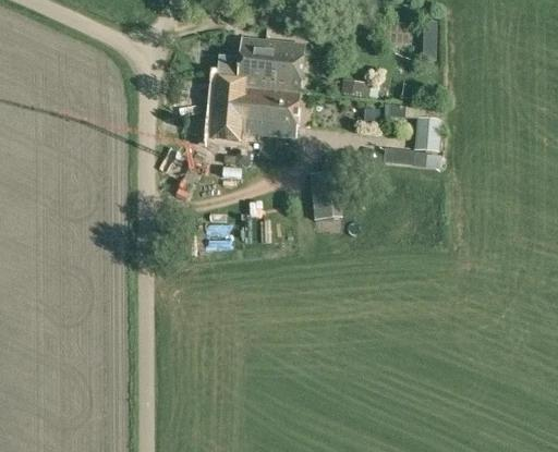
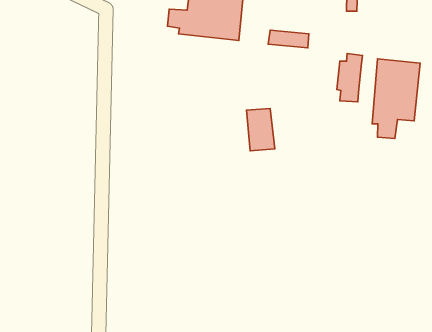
building: [210,76,299,142] -> none
building: none -> [372,59,420,139]

